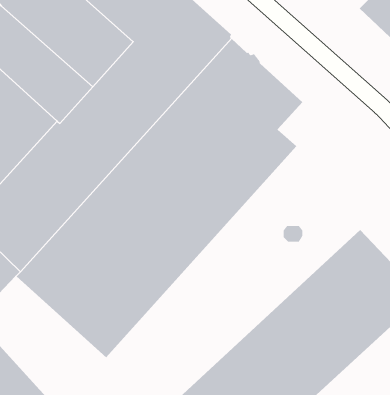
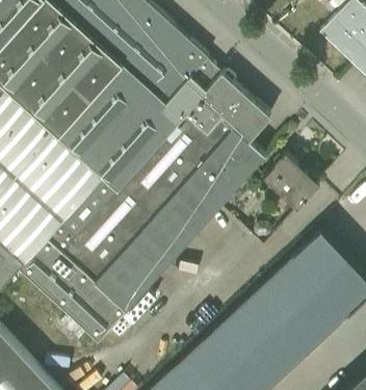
building: none -> [264,155,320,210]

